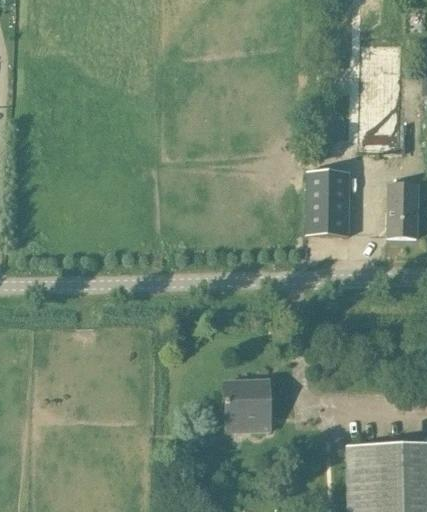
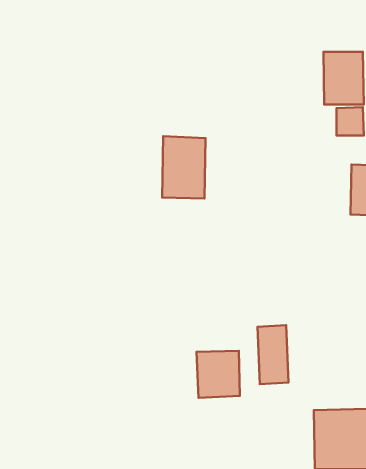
building: [304,171,350,237] -> [162,136,205,198]
building: none -> [257,325,289,384]

